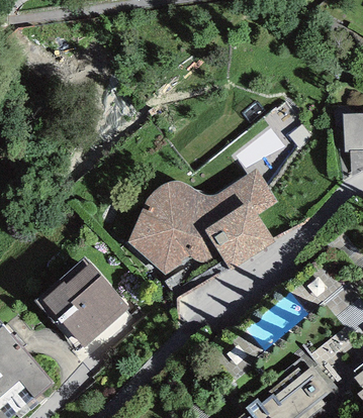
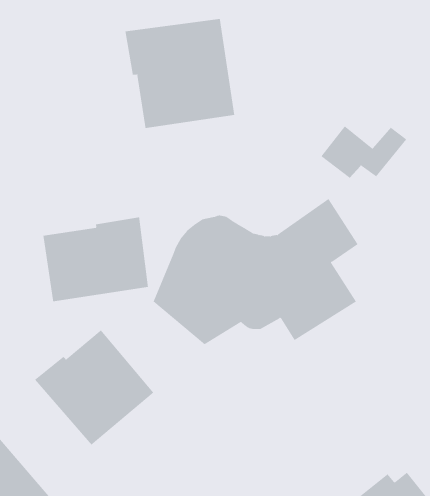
building: none -> [125,18,235,129]
building: none -> [43,217,148,302]

